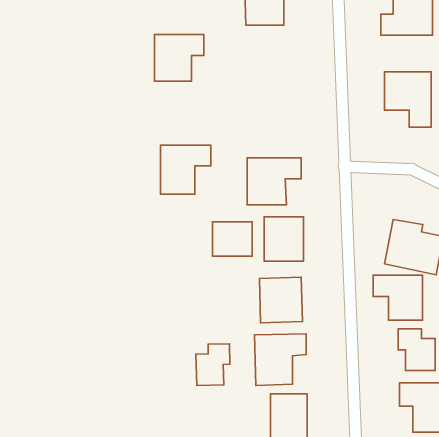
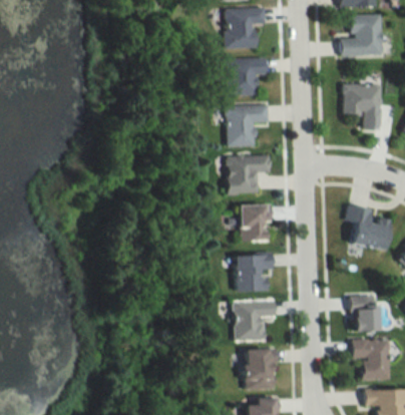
building: [155,35,204,81] -> [228,57,268,95]
building: [161,145,211,194] -> [228,105,269,145]
building: [213,222,252,256] -> none
building: [373,275,422,320] -> none
building: [196,344,230,386] -> none

